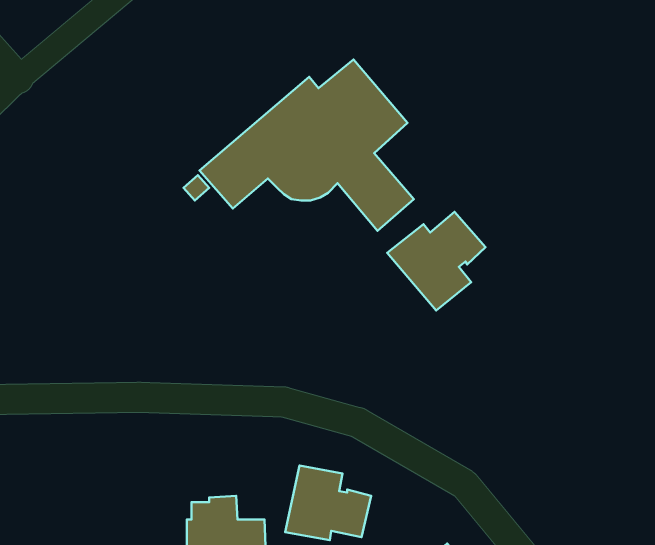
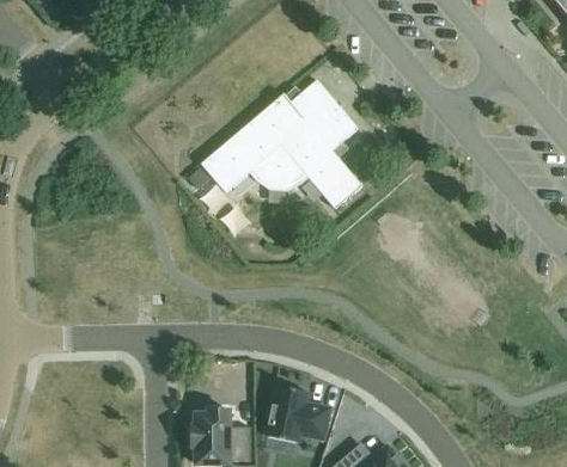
building: [387,212,486,310] -> none

